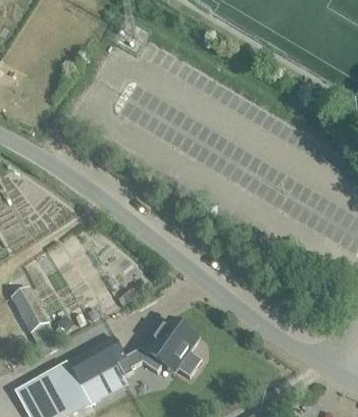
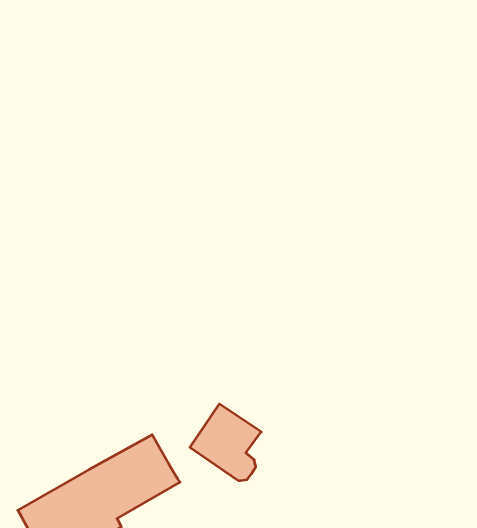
building: [11,285,52,332] -> none

